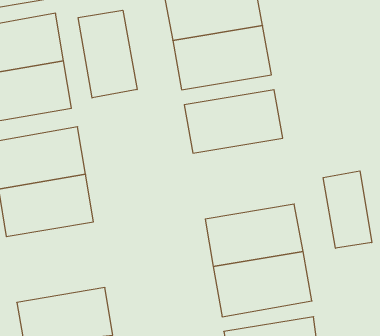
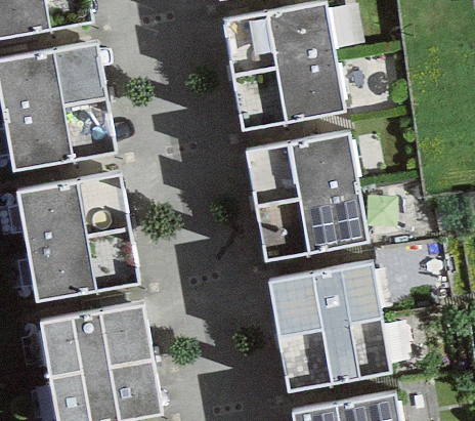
building: [78,10,137,98] -> none
building: none -> [254,186,369,261]
building: [323,171,372,248] -> none
building: none -> [40,305,152,378]

